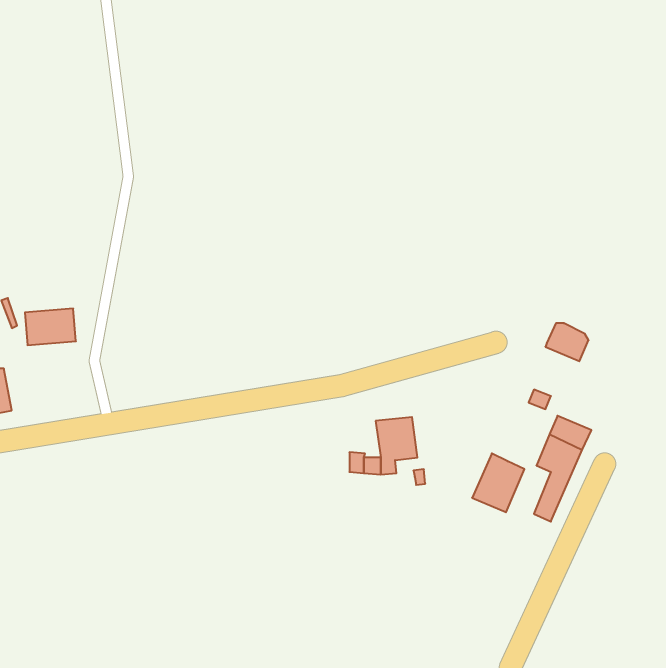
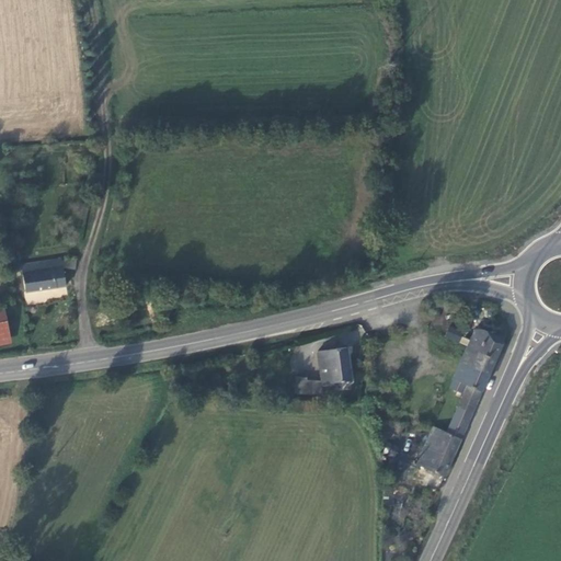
building: [545,323,589,361] -> [467,329,503,360]
building: [472,453,524,512] -> [417,424,461,473]

